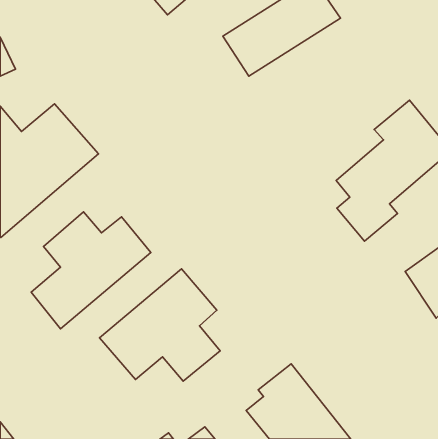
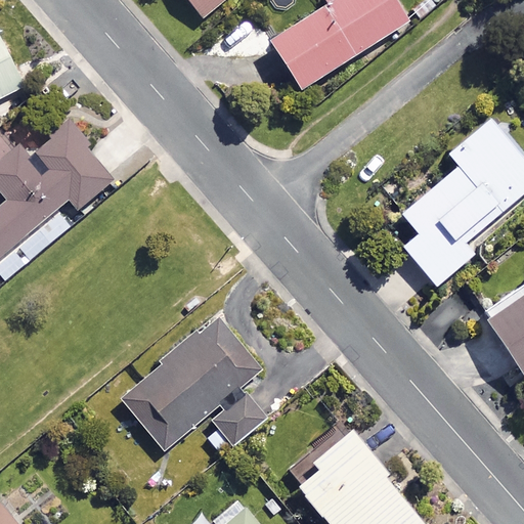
building: [31,212,151,329] -> none

